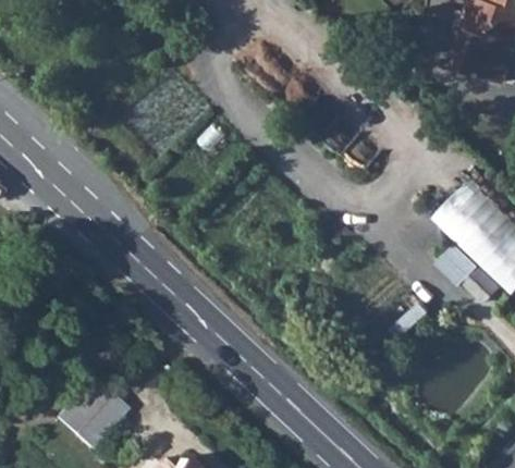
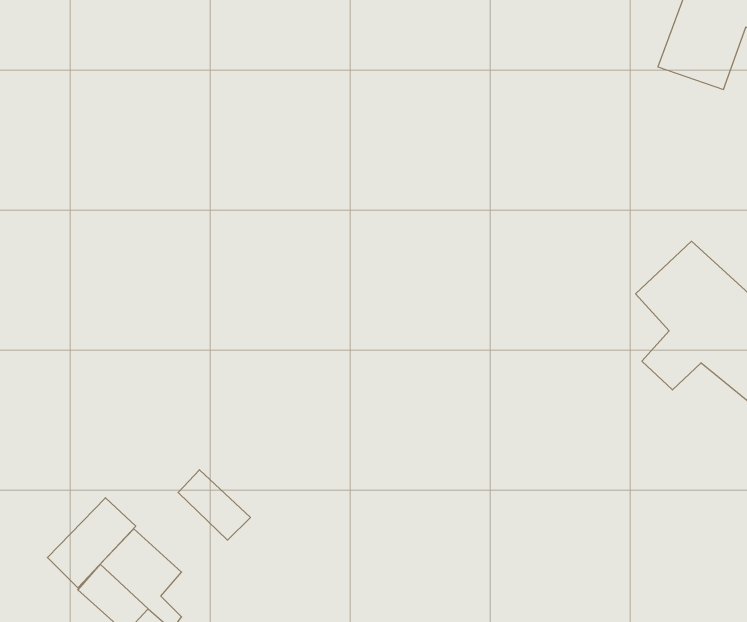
building: none -> [178,470,250,540]
building: none -> [47,498,136,588]

